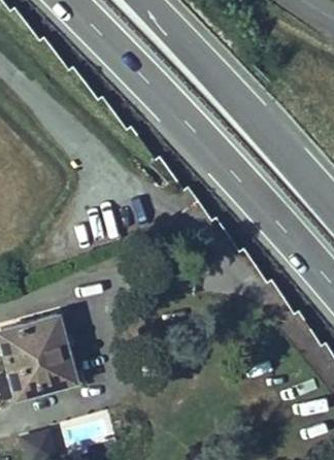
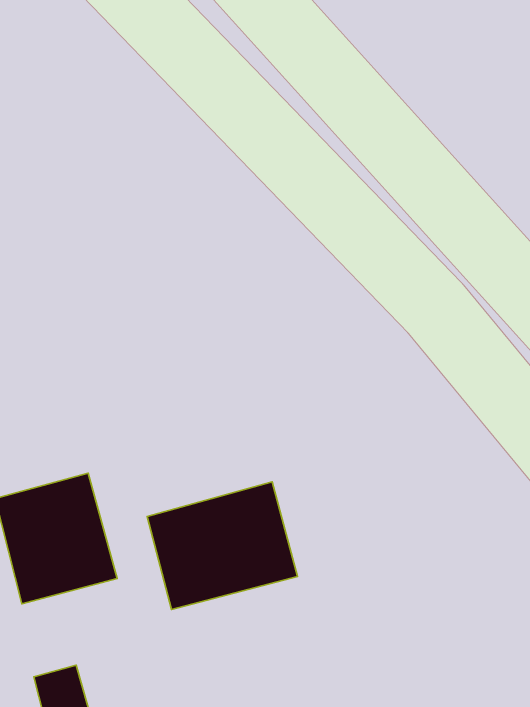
building: none -> [147,482,298,610]

